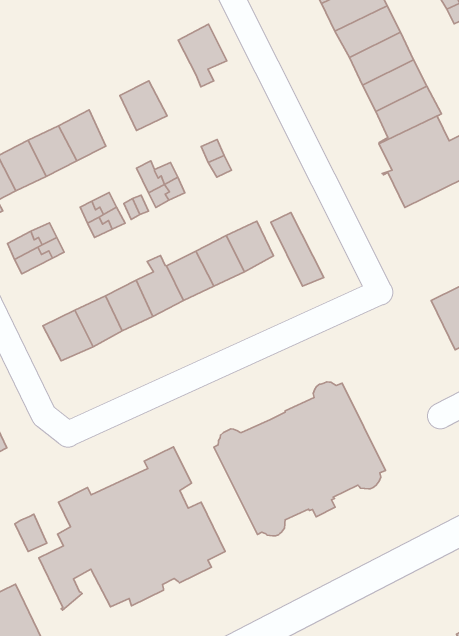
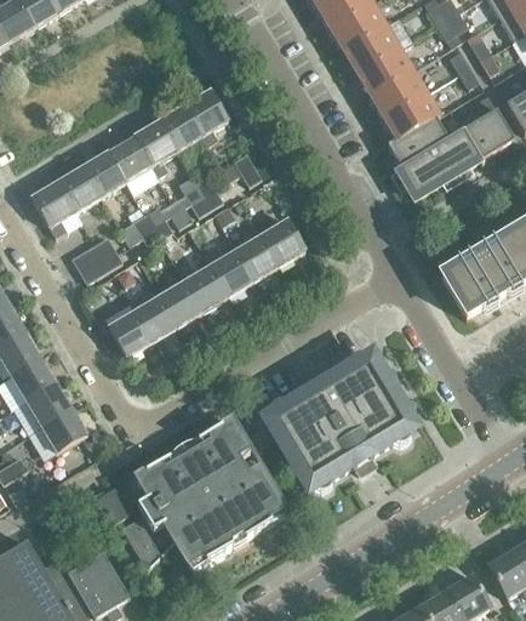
building: [178,24,227,87] -> [183,90,227,144]
building: none -> [133,120,176,176]
building: [271,212,324,286] -> none

